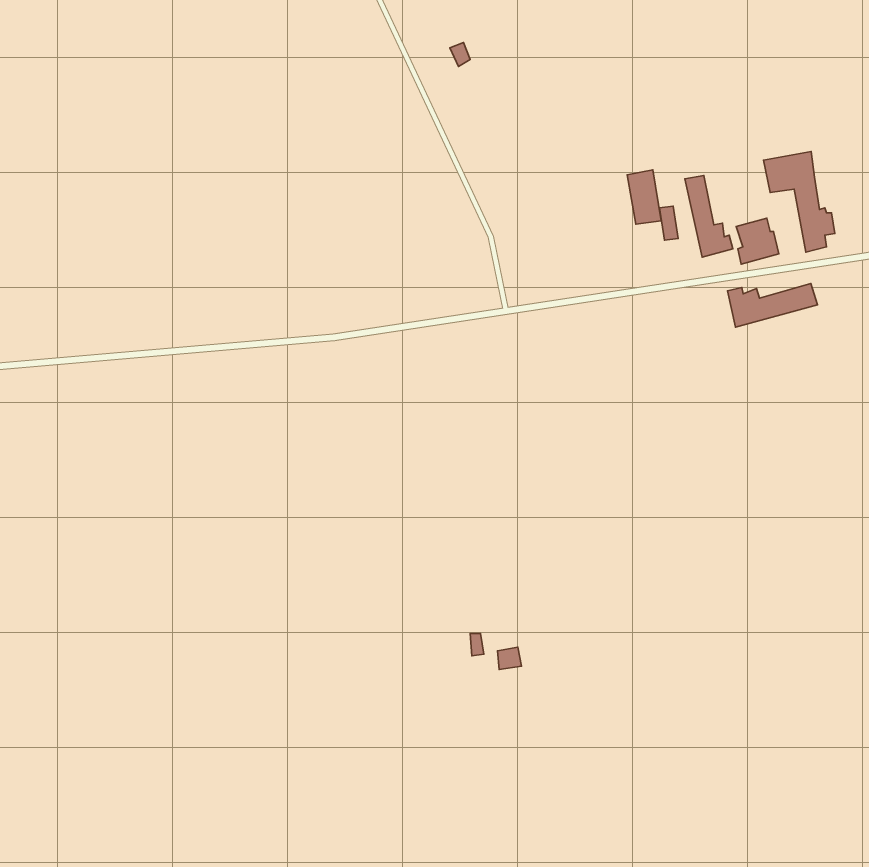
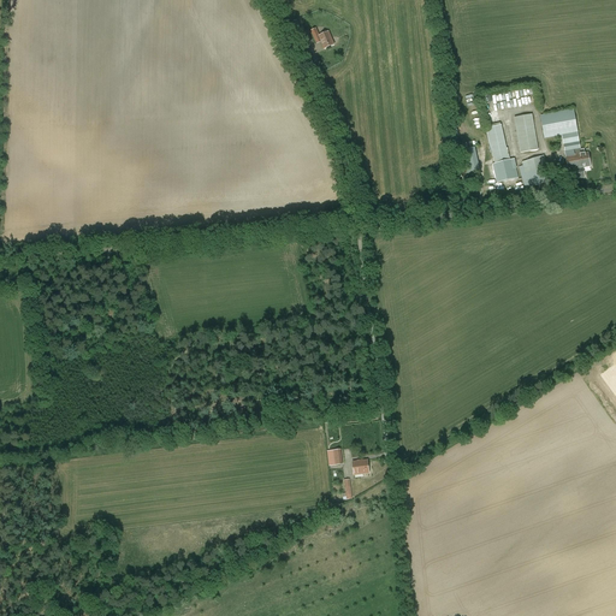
building: [627,170,661,224] -> [513,112,537,150]
building: [727,284,817,327] -> none

